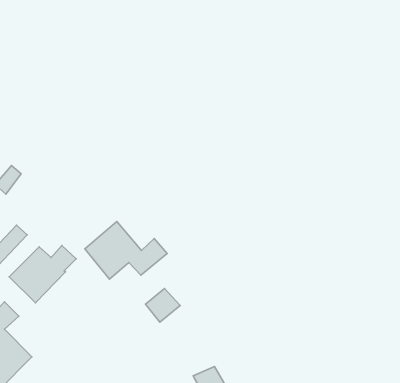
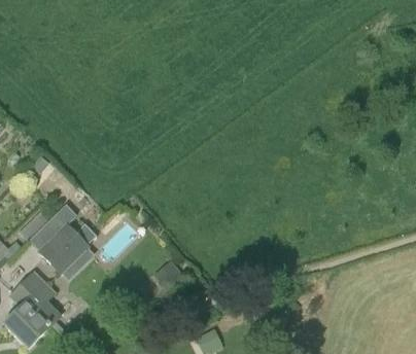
building: [85,221,167,279] -> none

